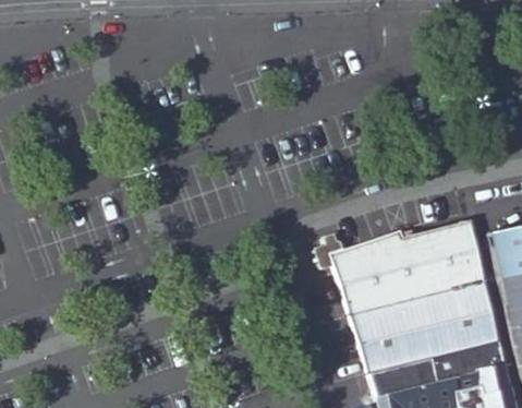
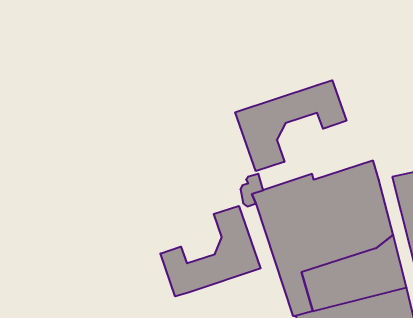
building: none -> [235,80,346,171]
building: none -> [160,206,261,296]

